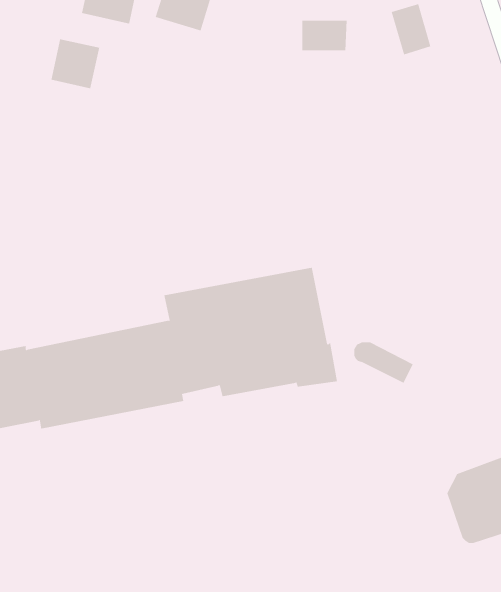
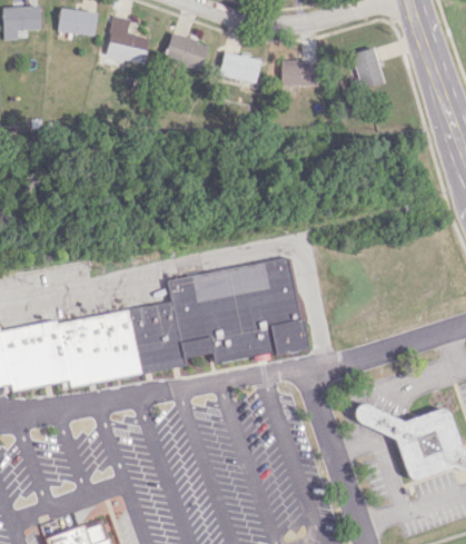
building: none -> [218,51,260,83]
building: [51,38,100,89] -> none
building: [353,342,413,384] -> [356,405,404,438]

